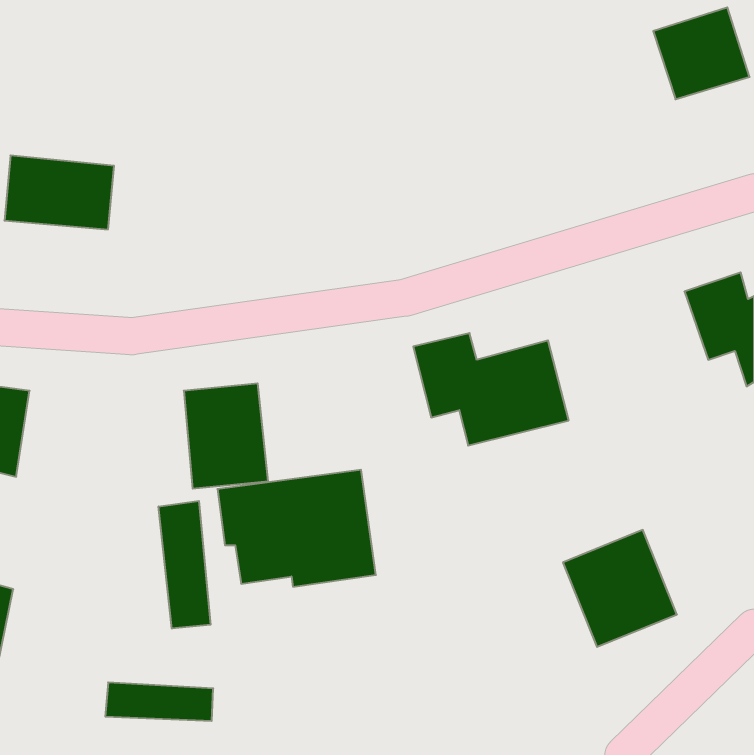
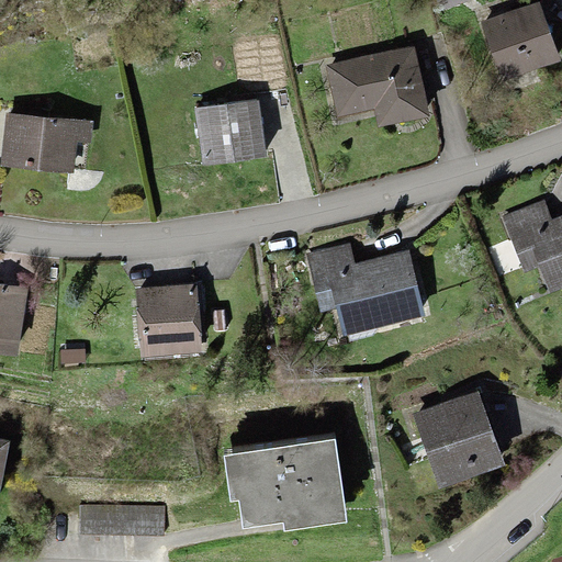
building: none -> [328,46,428,122]
building: none -> [194,102,261,162]
building: [217,470,376,587] -> [229,438,347,525]
building: [159,501,211,629] -> none

